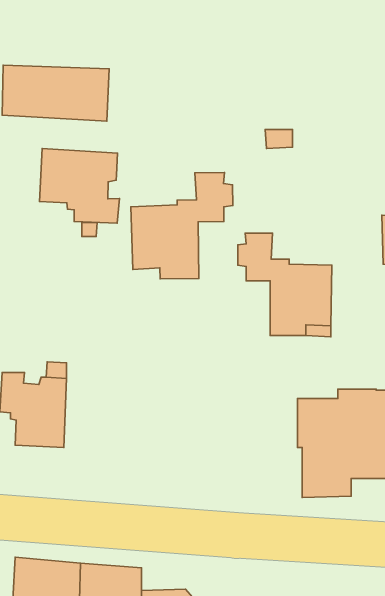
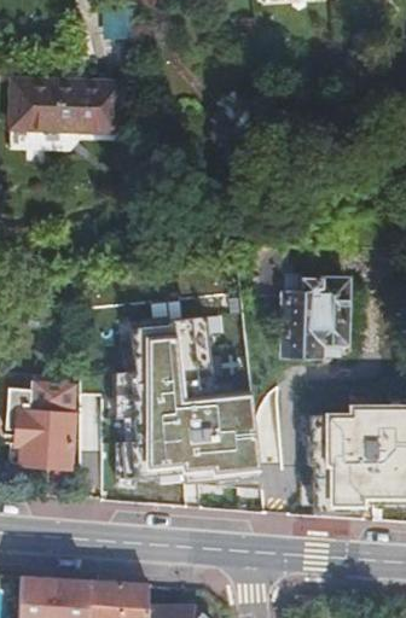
building: [40,149,120,223] -> none
building: [131,173,233,279] -> none
building: none -> [117,320,263,488]

